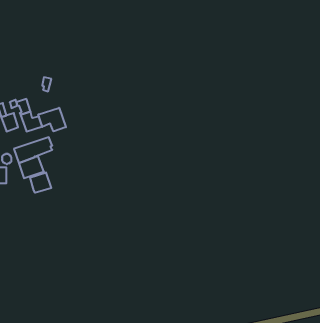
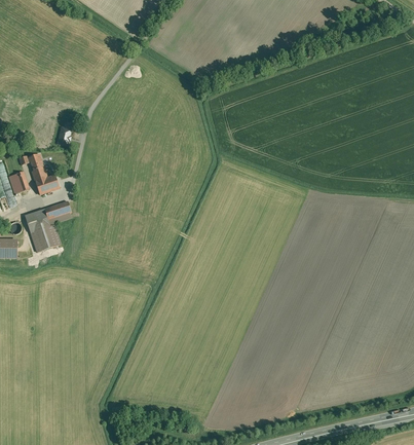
building: [38,108,66,131] -> none
building: [30,172,51,193] -> none

